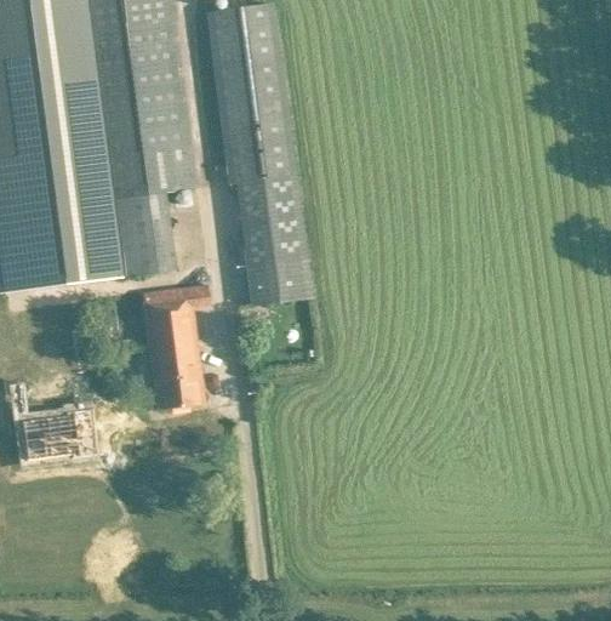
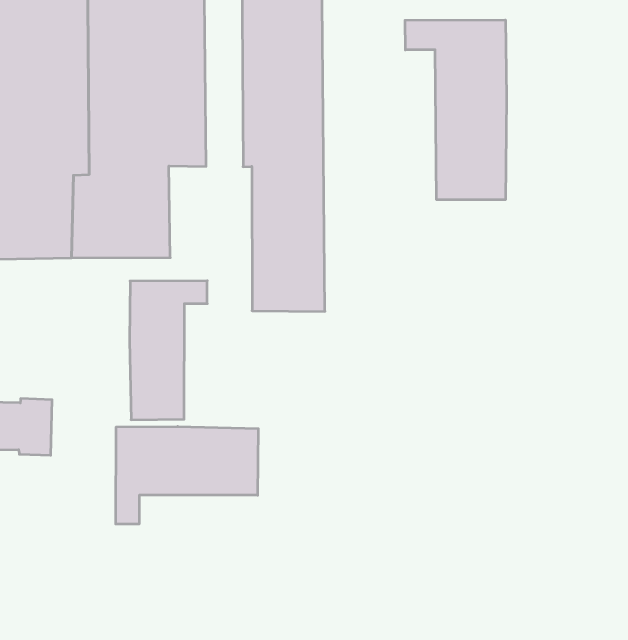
building: none -> [405,20,507,200]
building: none -> [116,426,258,524]

